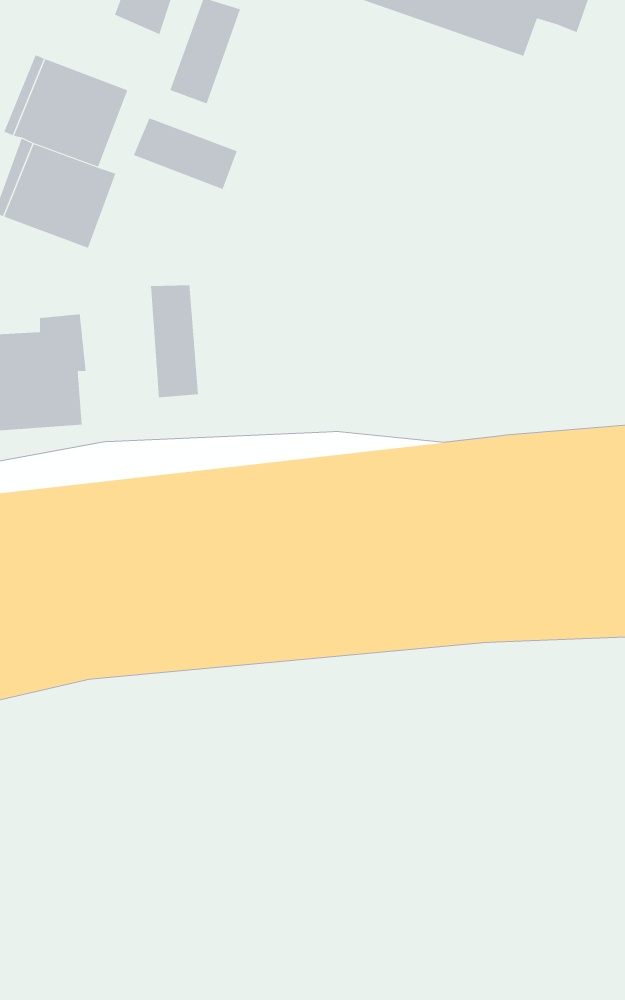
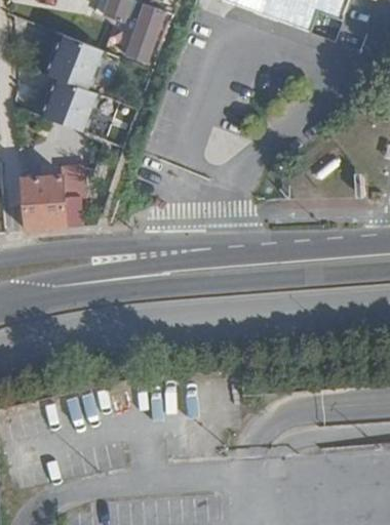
building: [133,117,238,190] -> none
building: [150,284,198,398] -> none

